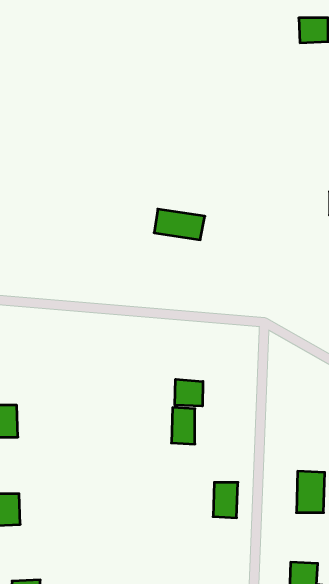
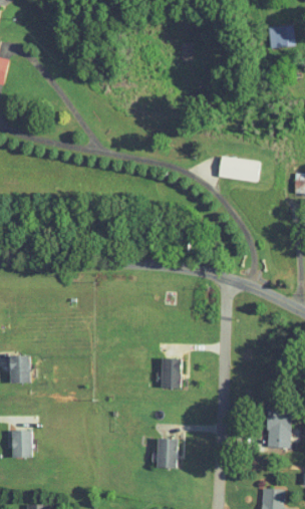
building: [154,209,205,240] -> [218,156,261,182]
building: [175,379,203,406] -> none
building: [213,482,238,518] -> [157,439,178,469]

